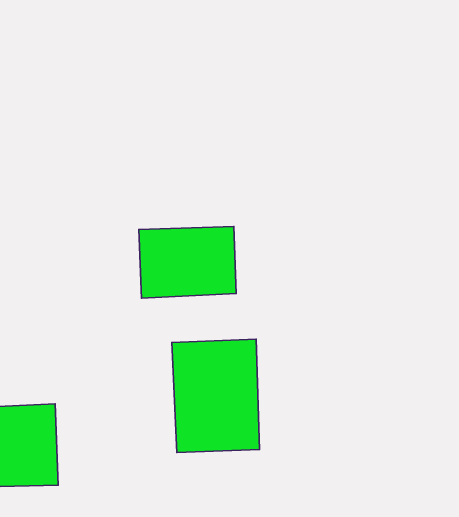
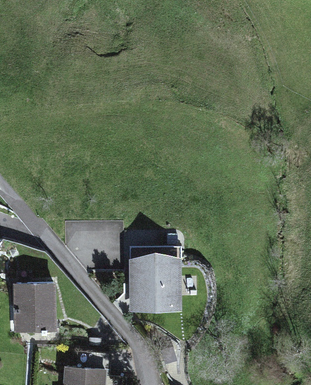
building: [139,226,236,298] -> none

